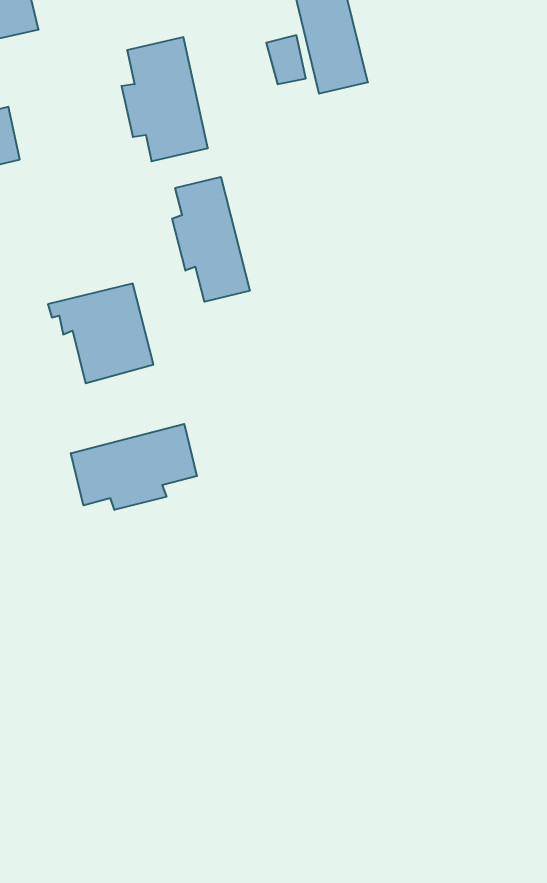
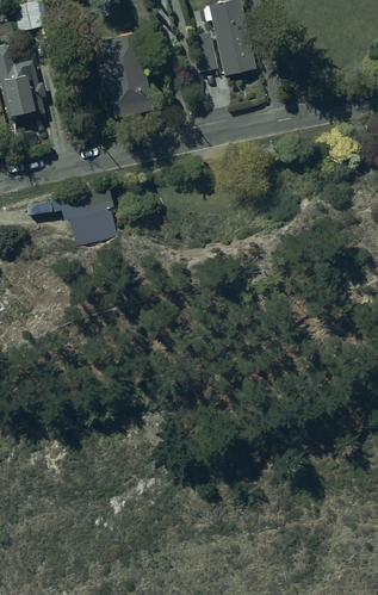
building: [172,177,250,302] -> none
building: [71,424,197,510] -> none

